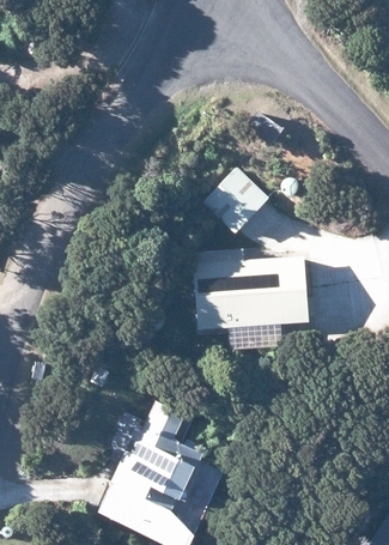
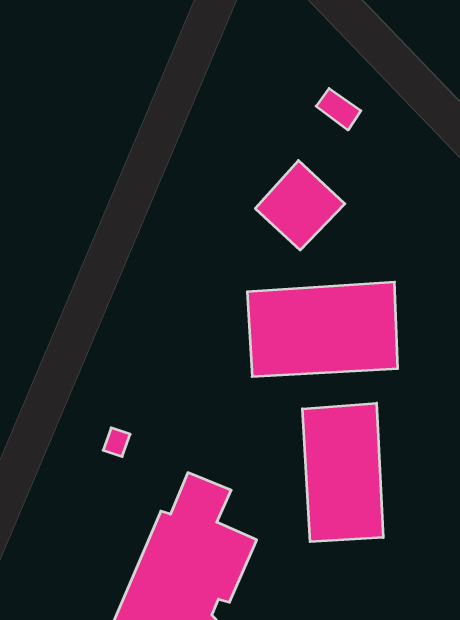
building: none -> [302,403,383,542]

